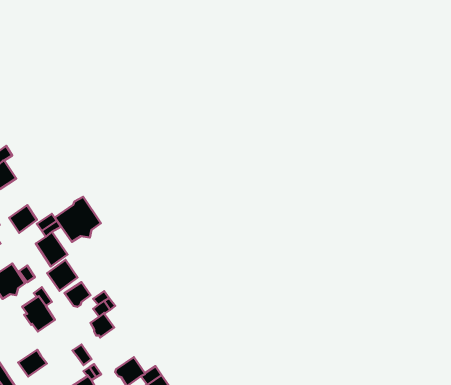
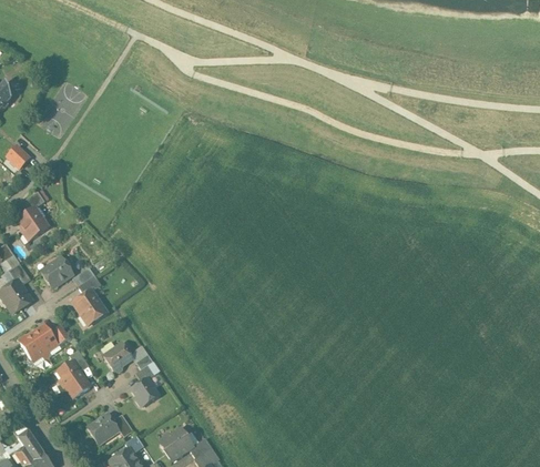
building: [55,197,101,242] -> none
building: [47,260,78,291] -> none
building: [18,350,47,376] -> [86,413,119,443]

